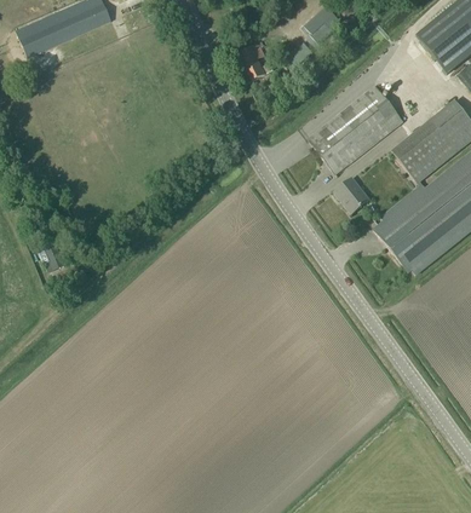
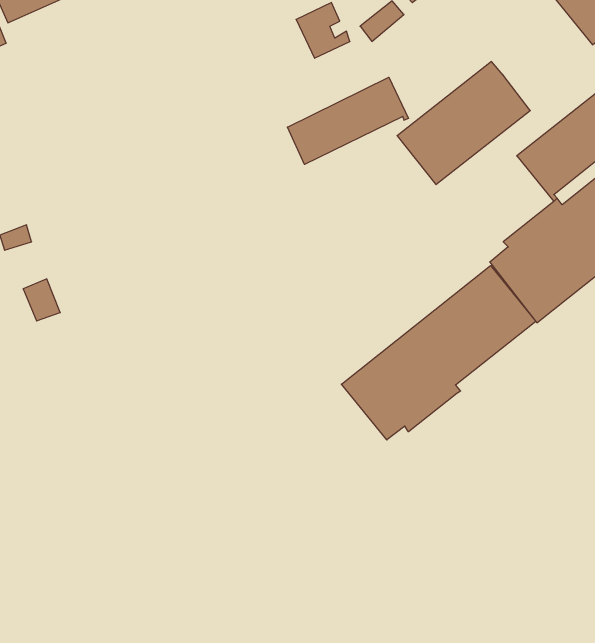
building: none -> [287,77,409,164]
building: [334,178,369,213] -> none
building: none -> [341,266,536,440]

